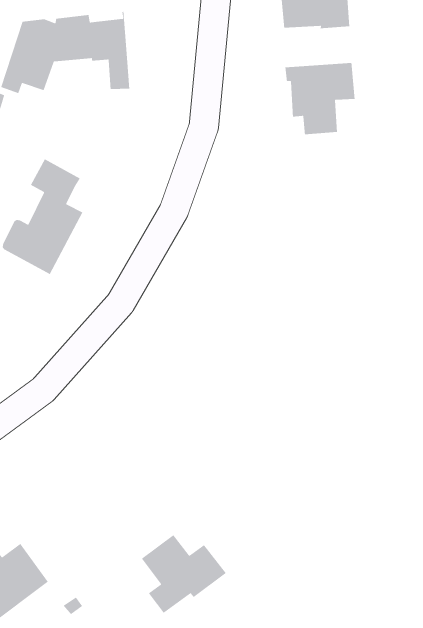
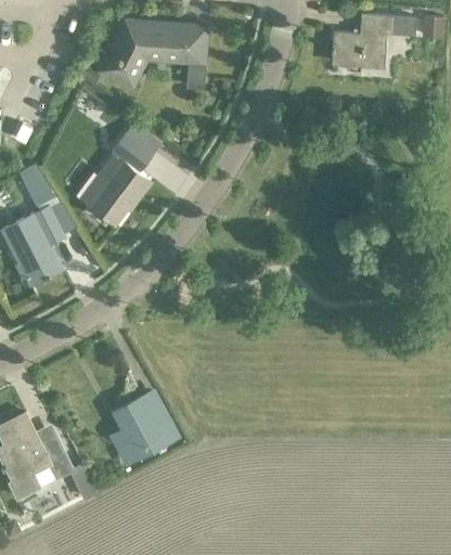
building: [284,62,355,135] -> none
building: [141,534,227,614] -> [113,397,179,459]

